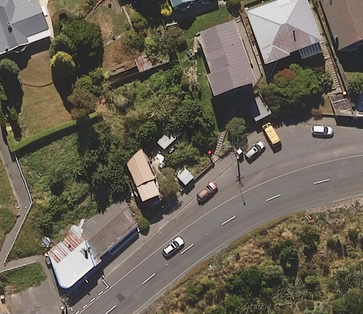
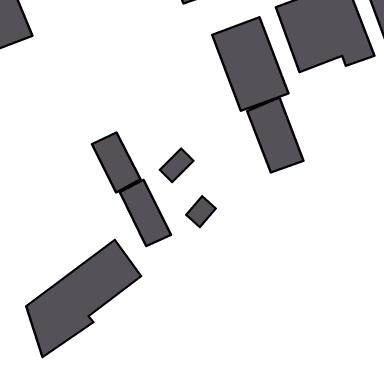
building: none -> [247,97,303,172]
building: none -> [92,132,140,193]

